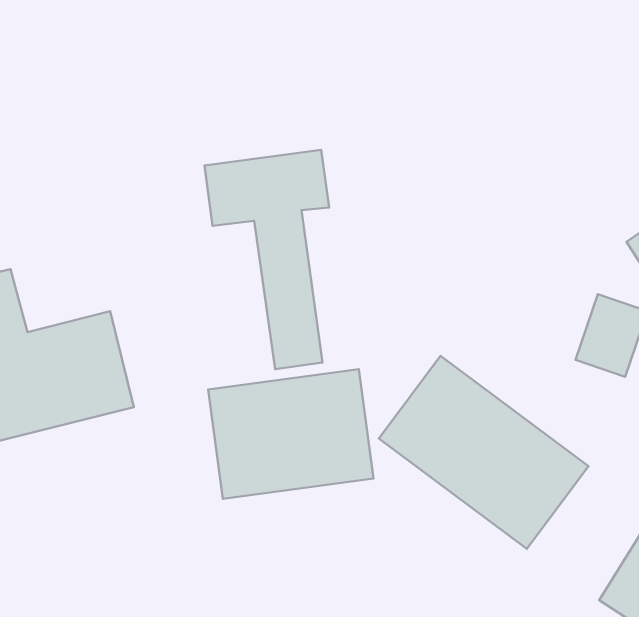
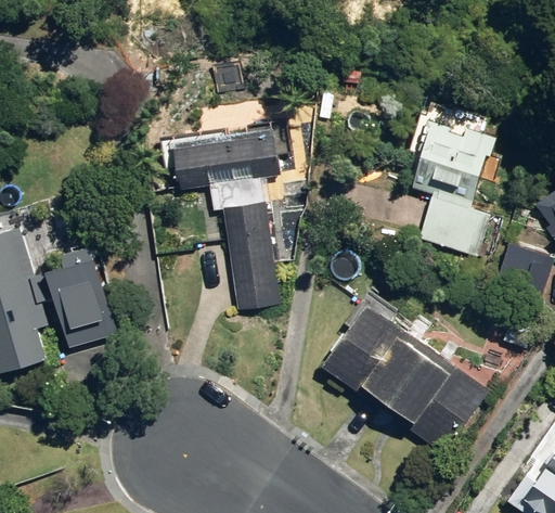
building: none -> [406,119,496,256]
building: [208,369,374,499] -> none

